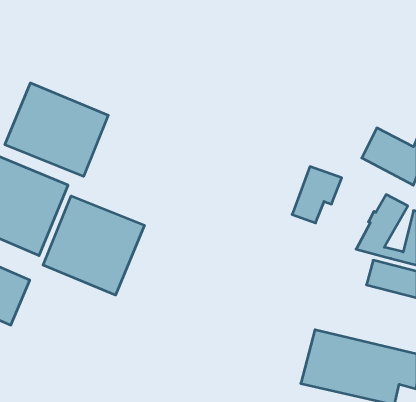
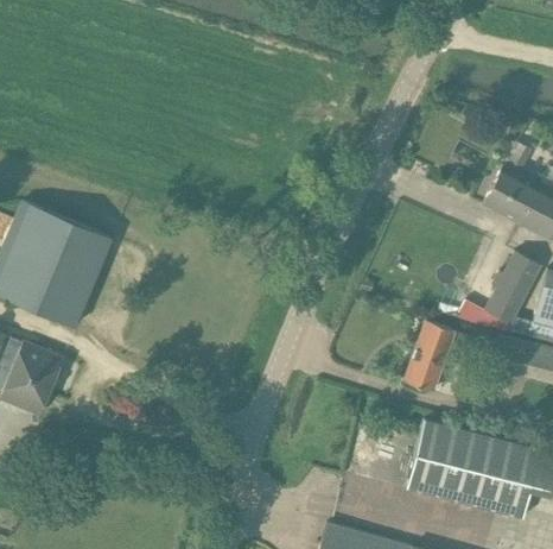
building: [5,83,108,176] -> none
building: [292,167,342,223] -> [403,321,466,392]
building: [43,196,144,295] -> none

